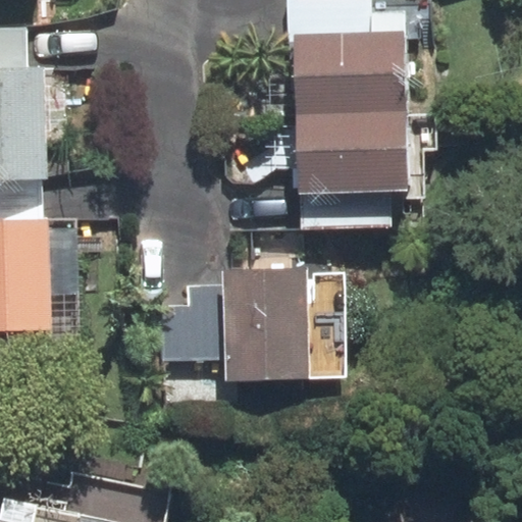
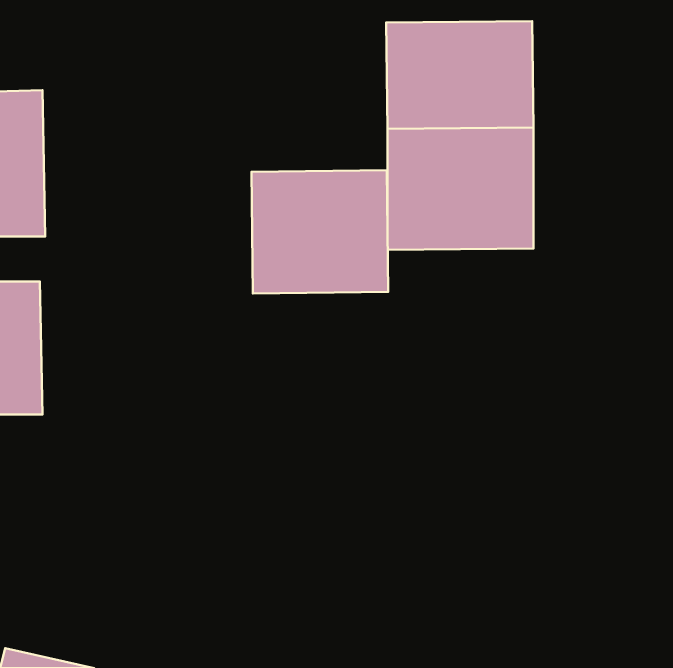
building: none -> [251,170,388,294]
building: [226,267,307,385] -> none

